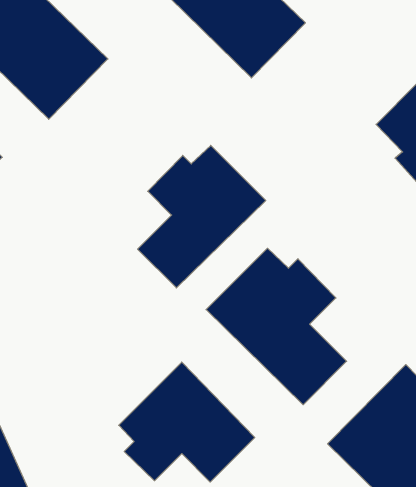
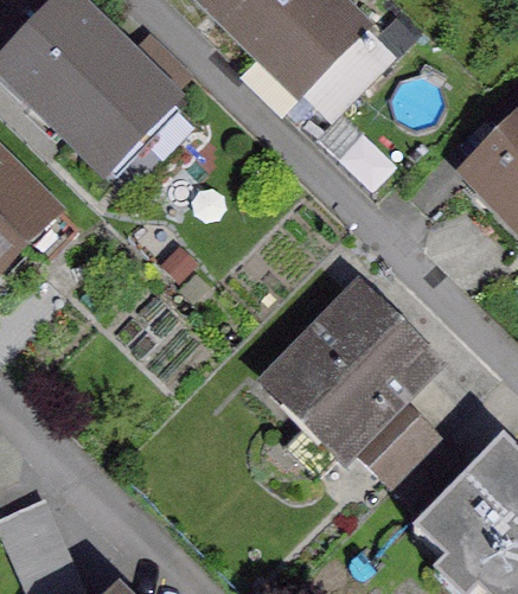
building: [138,145,266,288] -> none
building: [119,362,255,482] -> none

